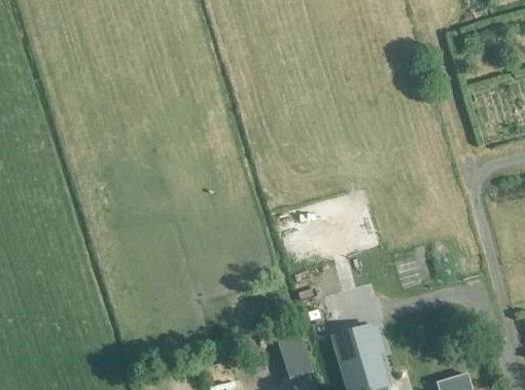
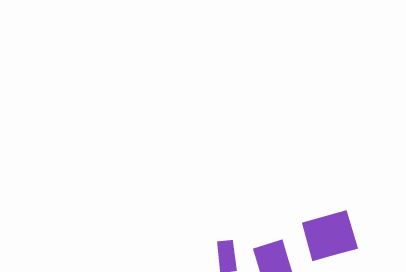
building: none -> [301,209,359,263]

